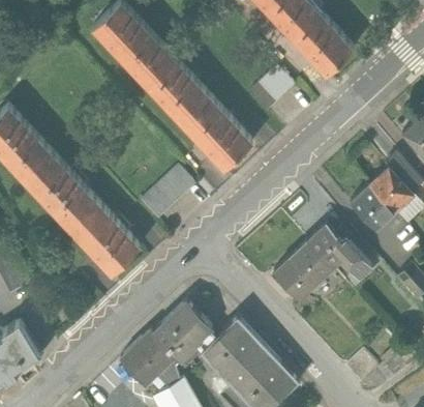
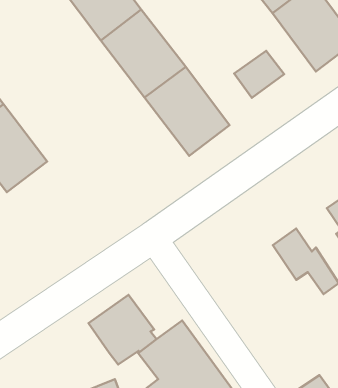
building: [142,166,198,221] -> none
building: [66,194,144,271] -> none
building: [275,241,333,299] -> none
building: [122,329,176,383] -> none

